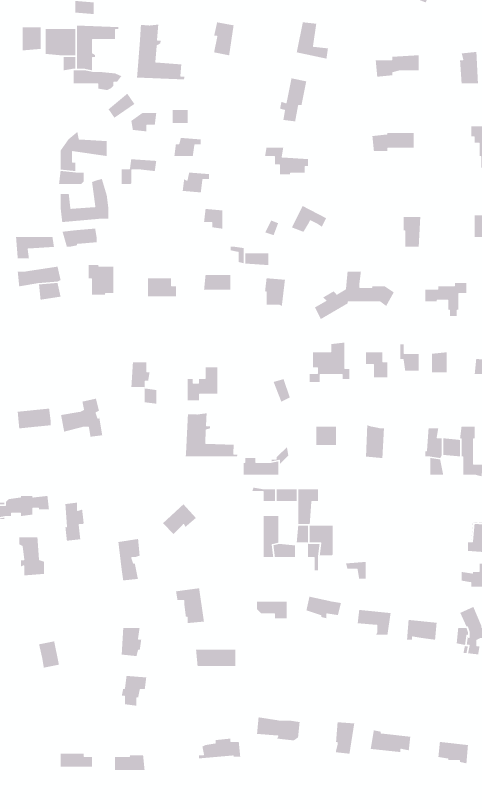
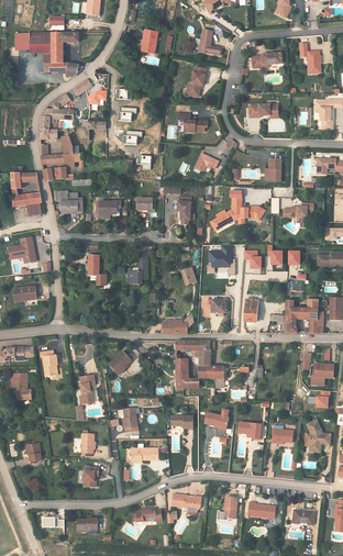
building: [136,24,185,80] -> none
building: [60,398,103,438] -> [8,236,36,263]
building: [185,412,238,457] -> none

